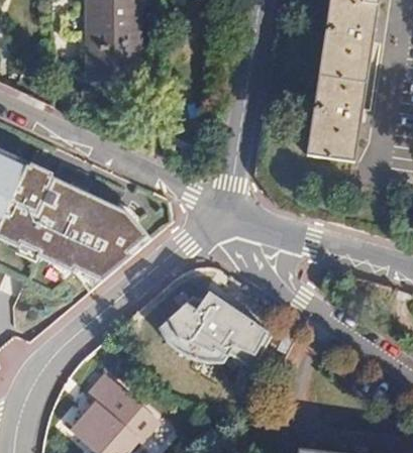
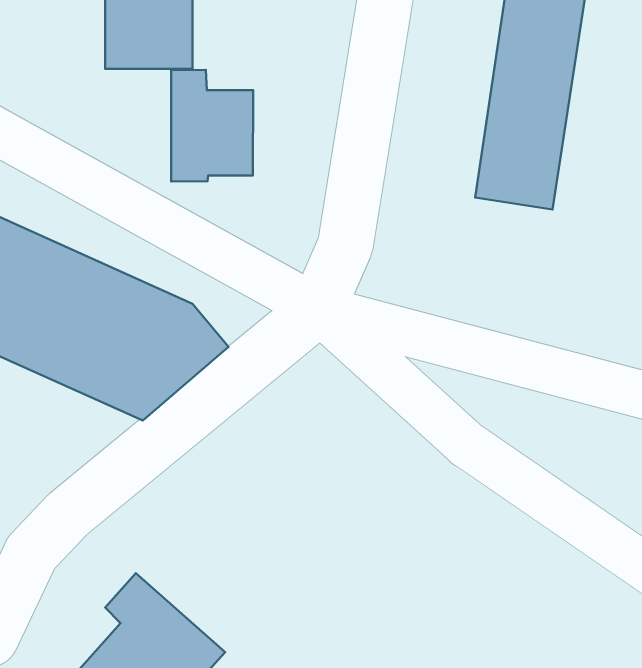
building: none -> [171,70,253,182]
building: [169,284,283,360] -> none

